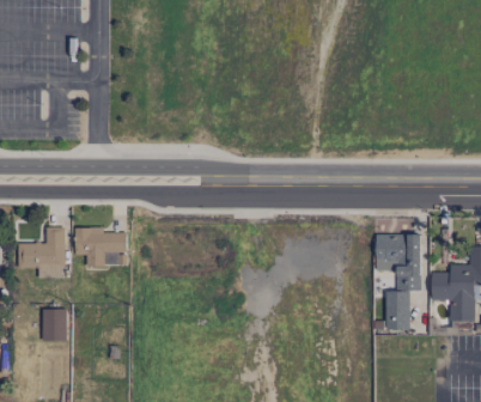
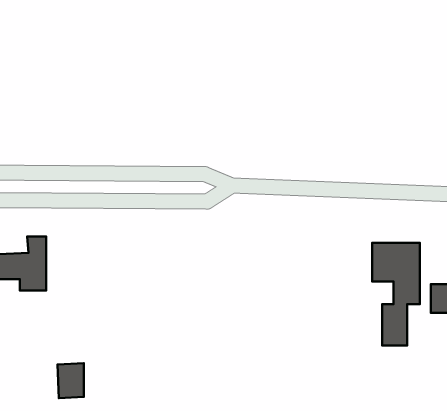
building: [75,227,126,268] -> none
building: [42,309,67,342] -> [58,363,84,398]

